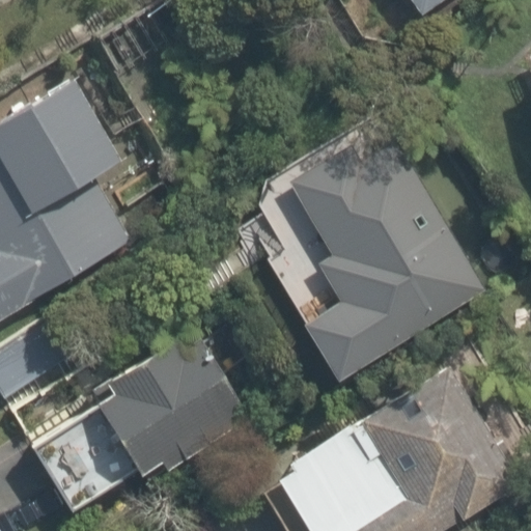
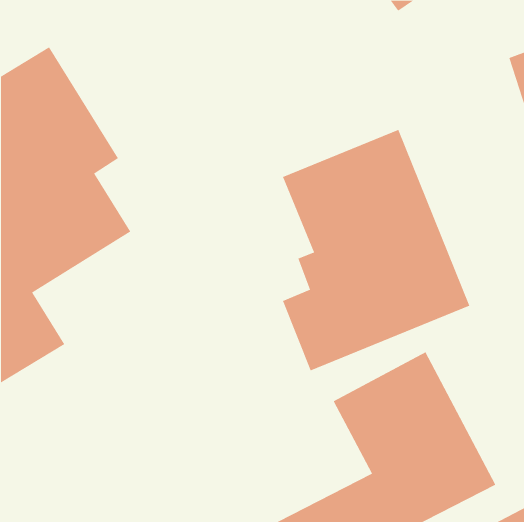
building: [18,329,237,511] -> none

